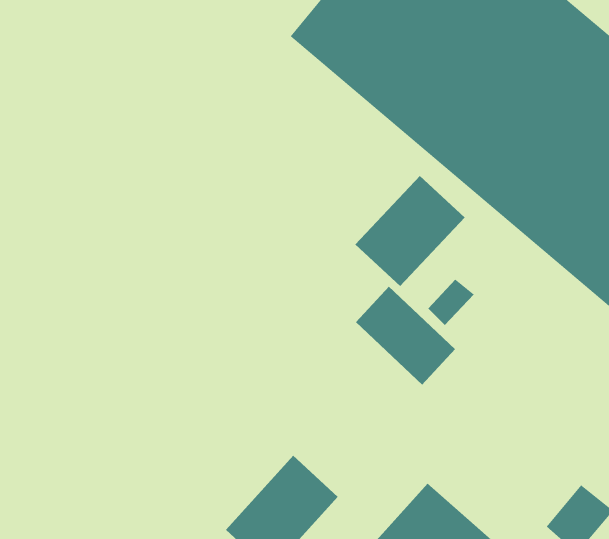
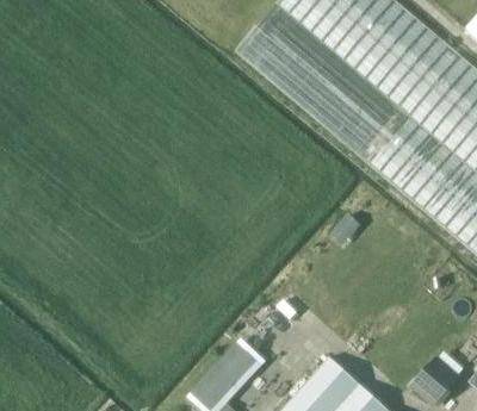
building: [355,175,466,287] -> none
building: [355,286,456,386] -> none

